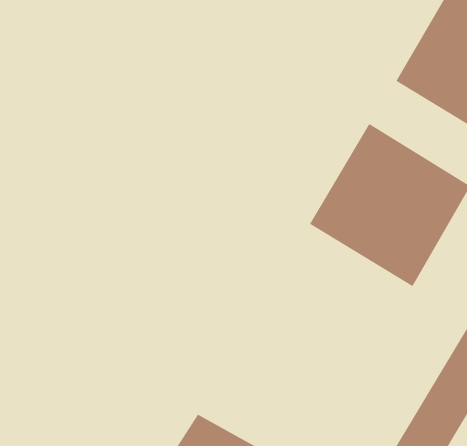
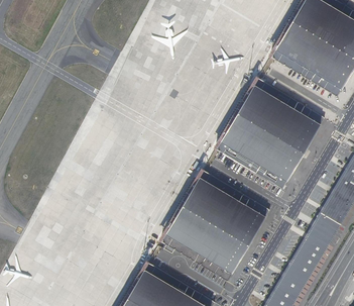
building: none -> [161,177,266,281]

